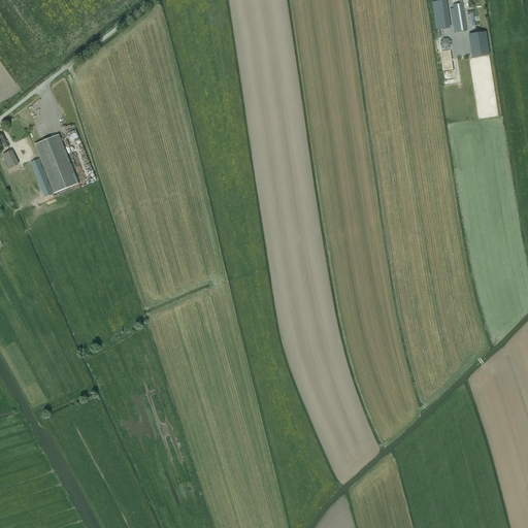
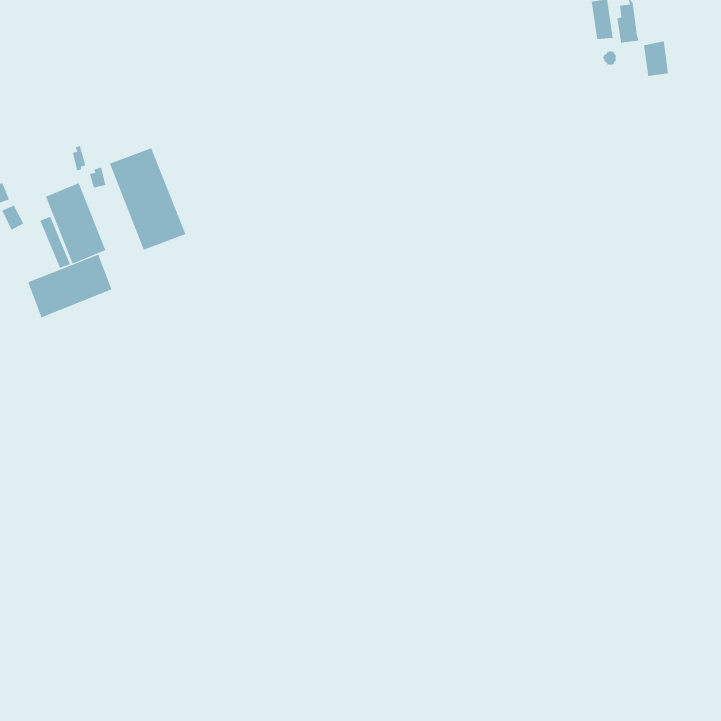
building: none -> [109,147,186,251]
building: none -> [28,254,112,318]

